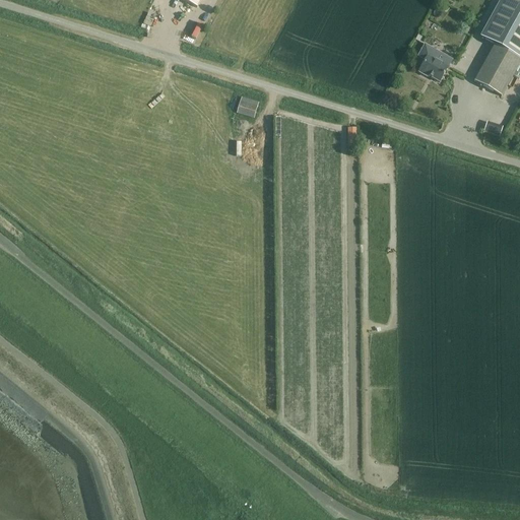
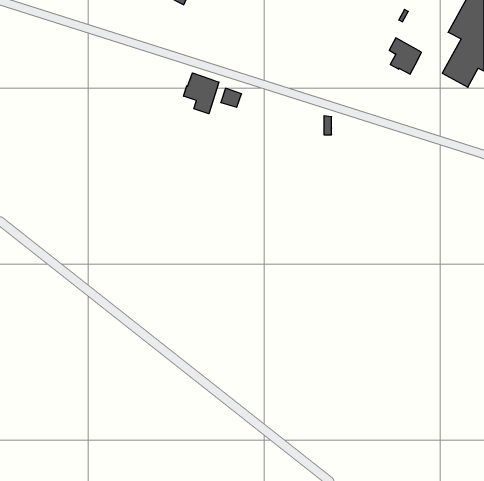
building: none -> [184,73,219,114]

